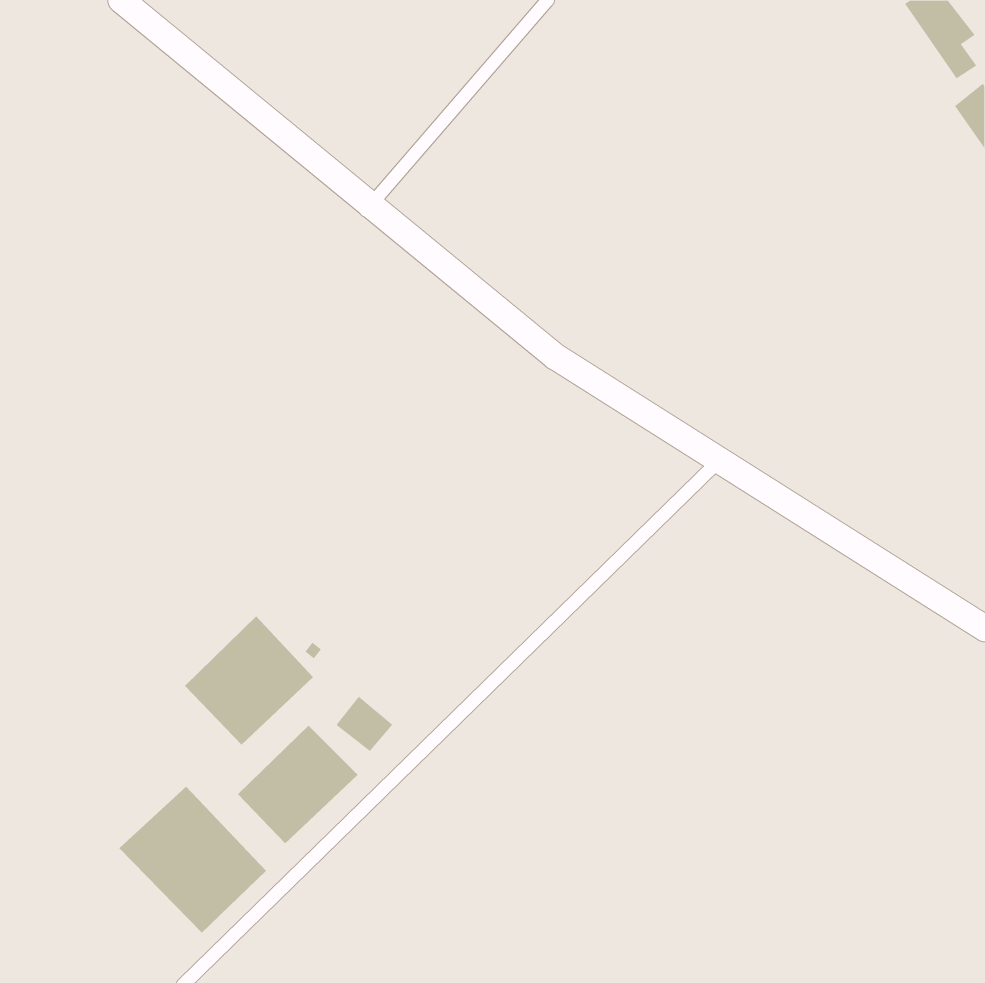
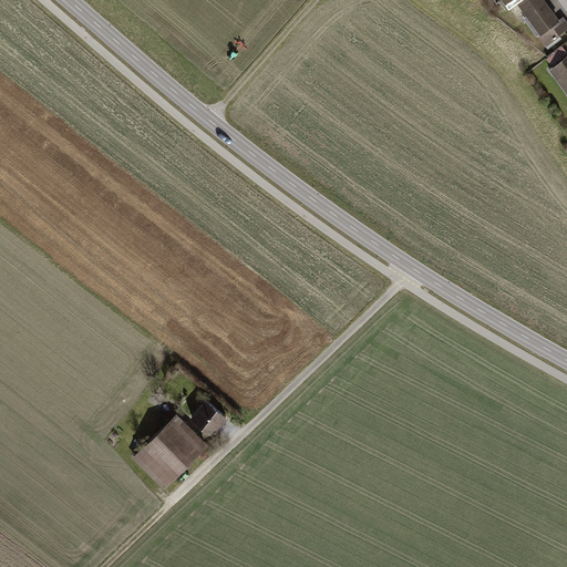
building: [184,616,314,746] -> none
building: [119,786,267,933] -> none

